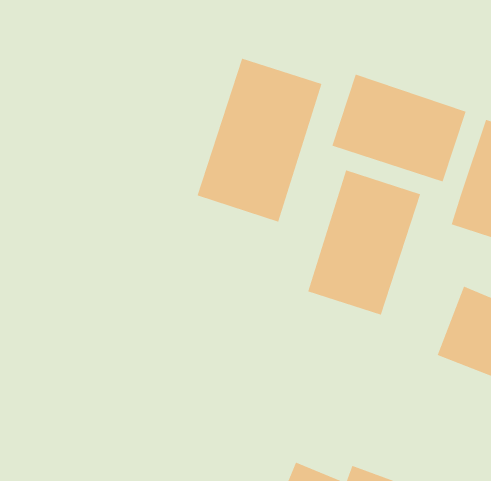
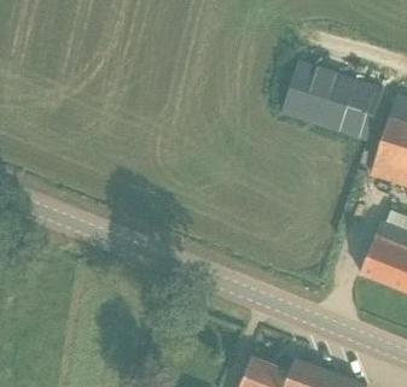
building: [197,58,322,222] -> none
building: [307,169,421,315] -> none

